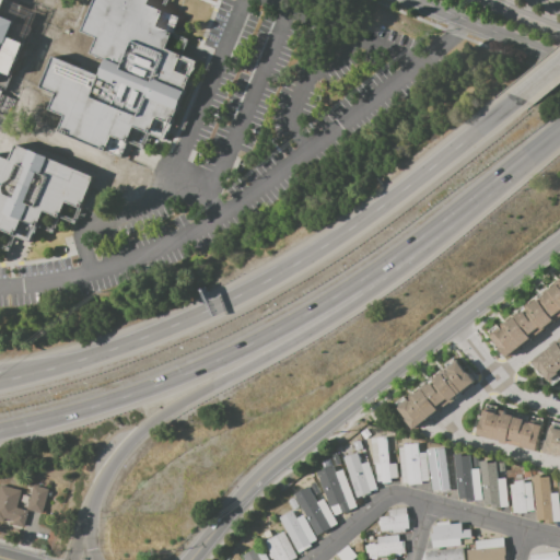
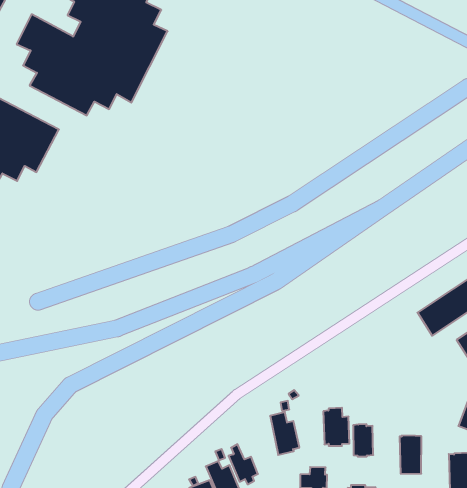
building: [396,361,472,428] -> none
building: [476,407,541,450] -> none
building: [370,435,397,483] -> none
building: [454,458,480,498] -> none
building: [327,472,355,515] -> none
building: [509,479,533,513] -> none

